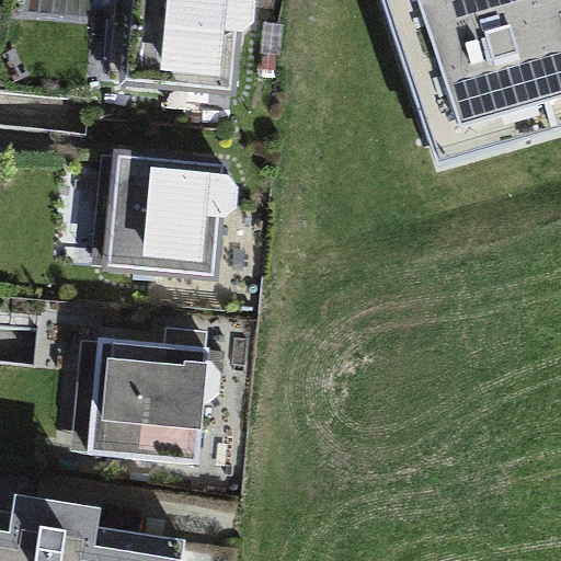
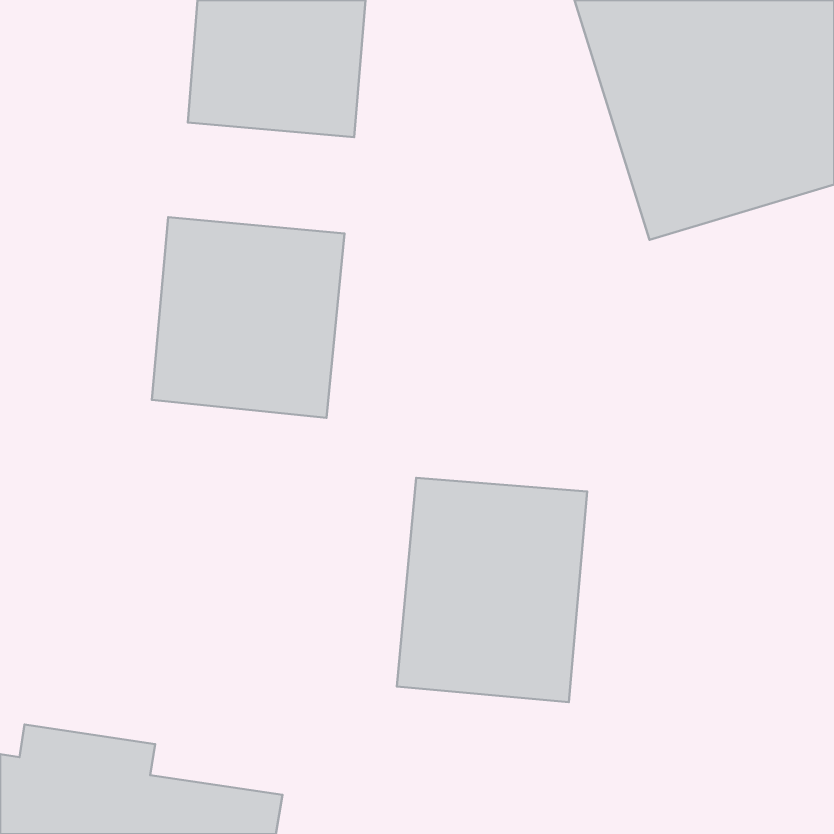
building: none -> [397,478,587,702]
building: [89,333,211,463] -> none

